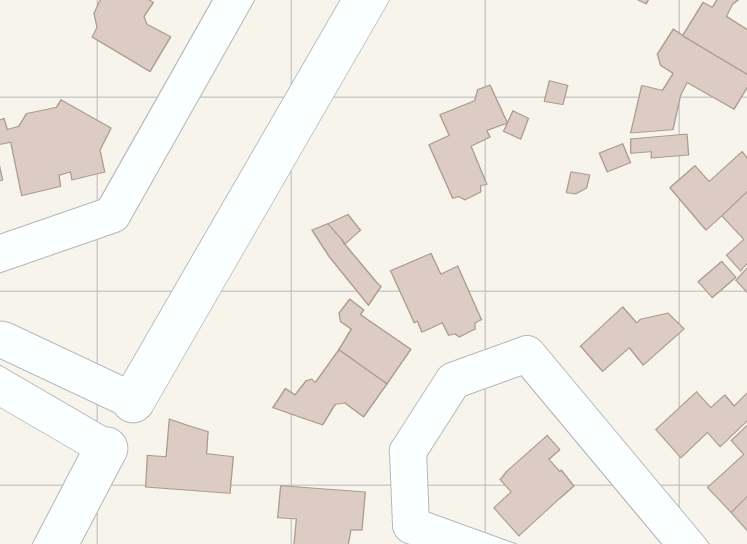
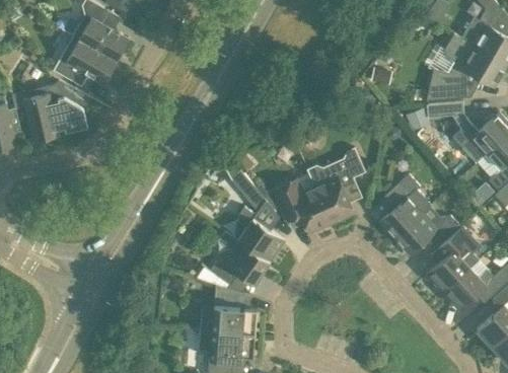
building: none -> [54,39,117,85]
building: [429,85,507,200] -> [315,148,366,222]
building: none -> [377,179,422,238]
building: [145,419,233,493] -> [201,285,258,332]
building: [494,435,574,536] -> [427,227,479,292]

